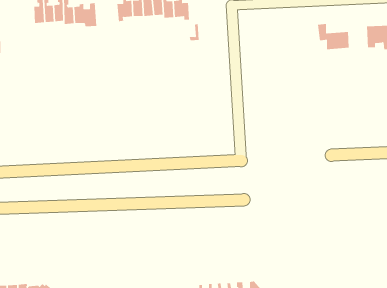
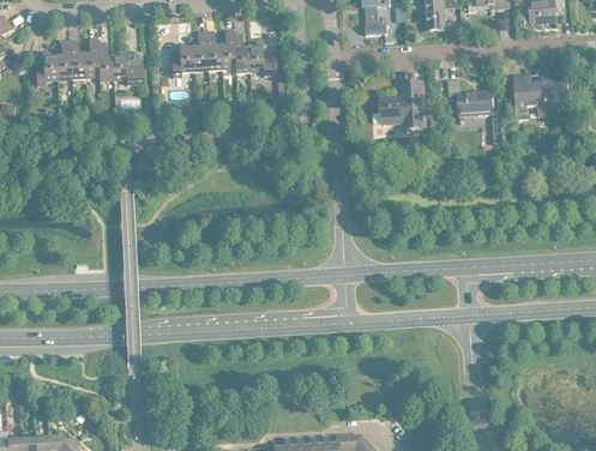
building: none -> [35,53,58,85]
building: none -> [379,82,423,127]

